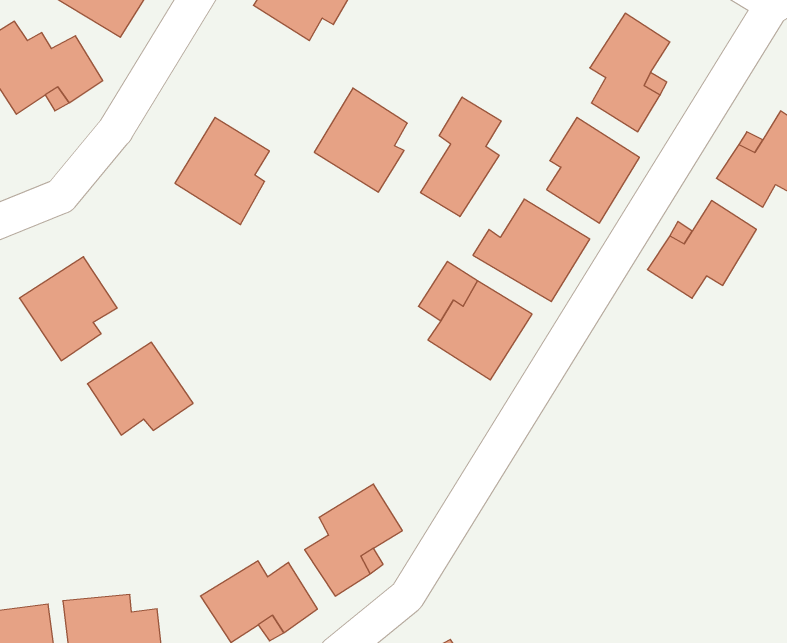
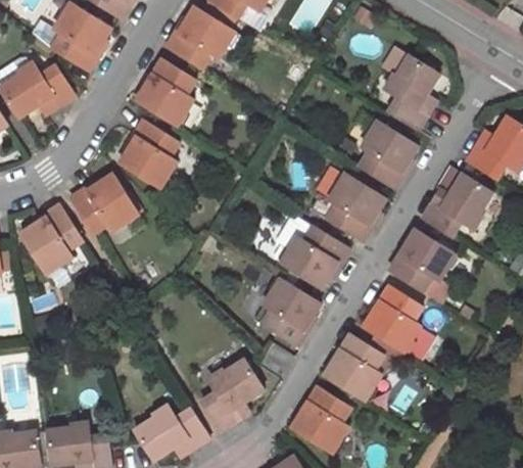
building: [314,88,407,192] -> [138,60,197,127]
building: [421,97,501,217] -> none
building: none -> [389,229,454,301]
building: [87,342,193,435] -> [73,176,140,235]
building: none -> [252,277,320,344]
building: none -> [364,285,423,350]
building: none -> [325,335,382,400]
building: none -> [292,386,351,452]

